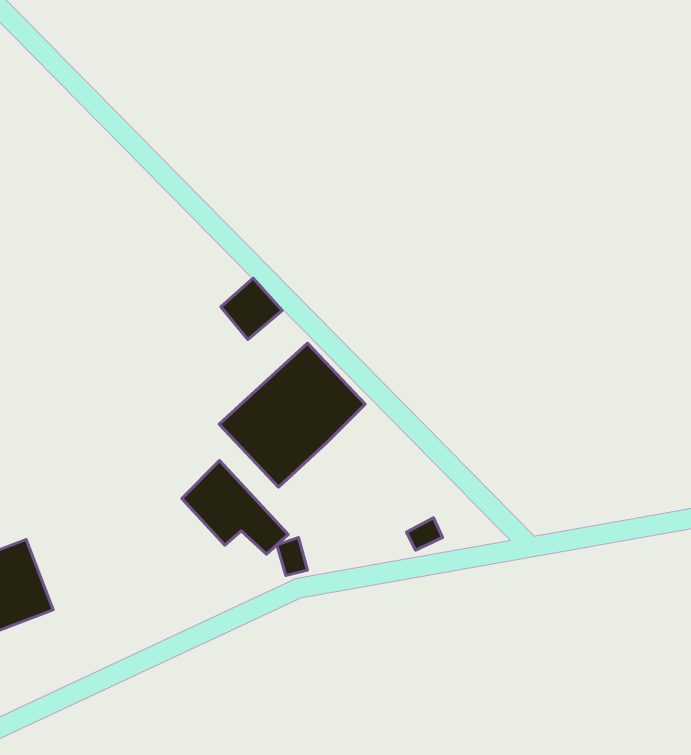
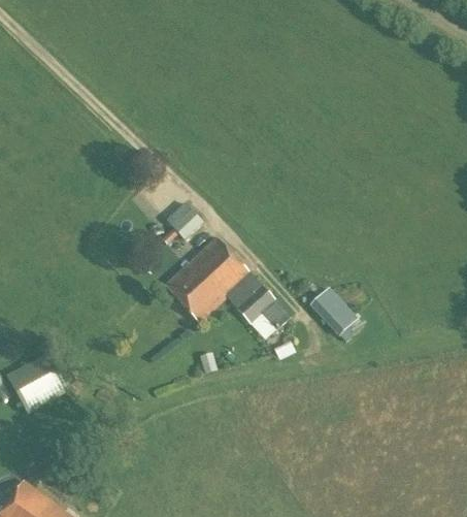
building: none -> [308,287,363,342]
building: [182,461,288,554] -> [228,276,289,329]

